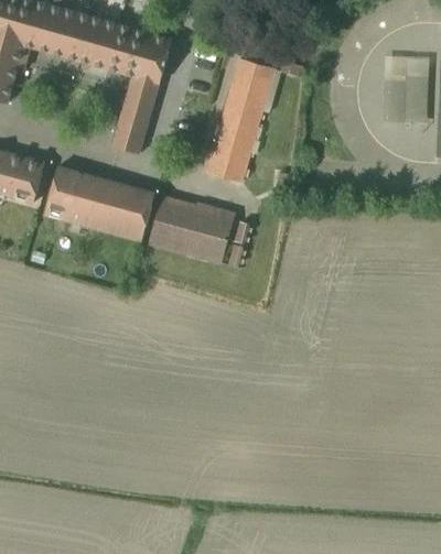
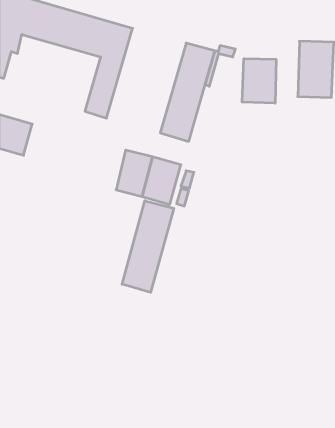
building: none -> [242,59,276,103]
building: [43,164,154,241] -> none
building: none -> [122,201,174,292]

